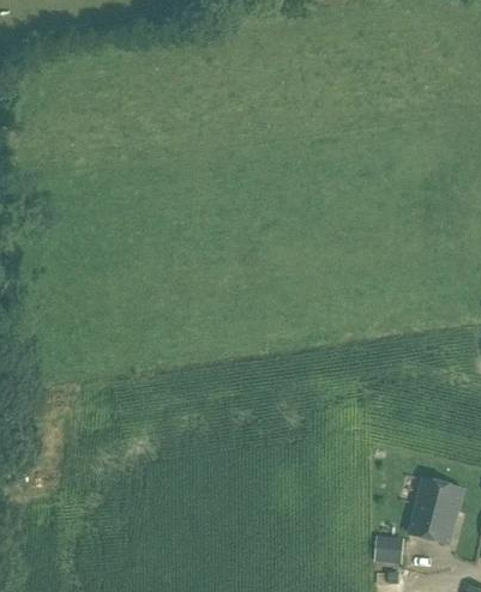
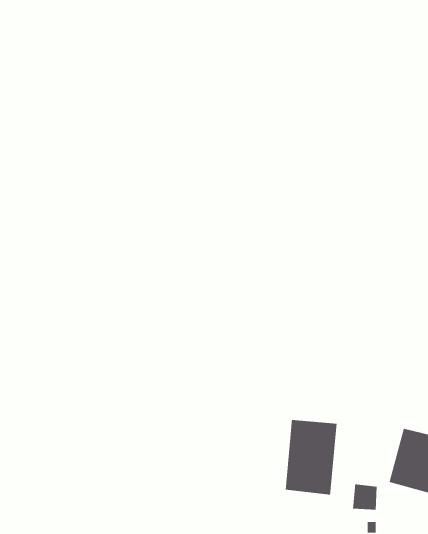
building: none -> [285,419,338,495]

